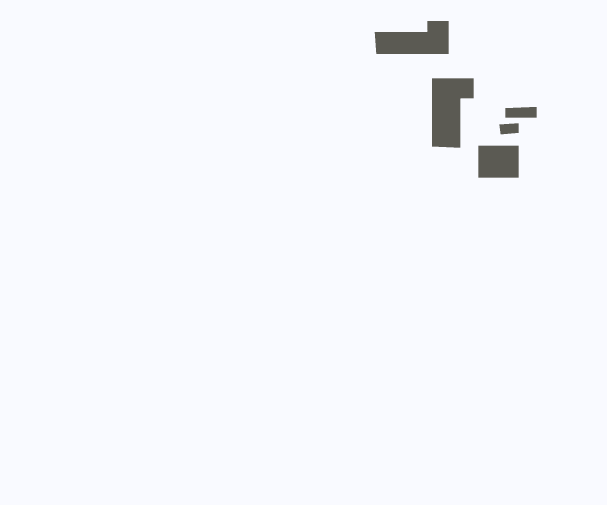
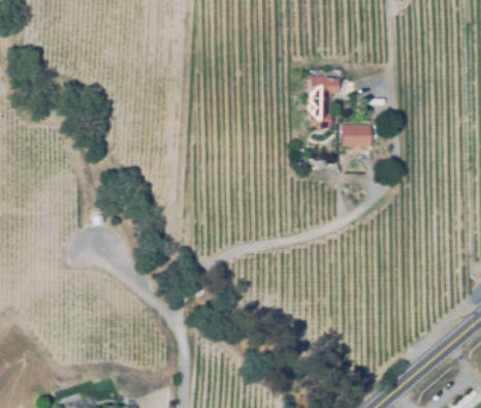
building: [374,20,449,55] -> none

